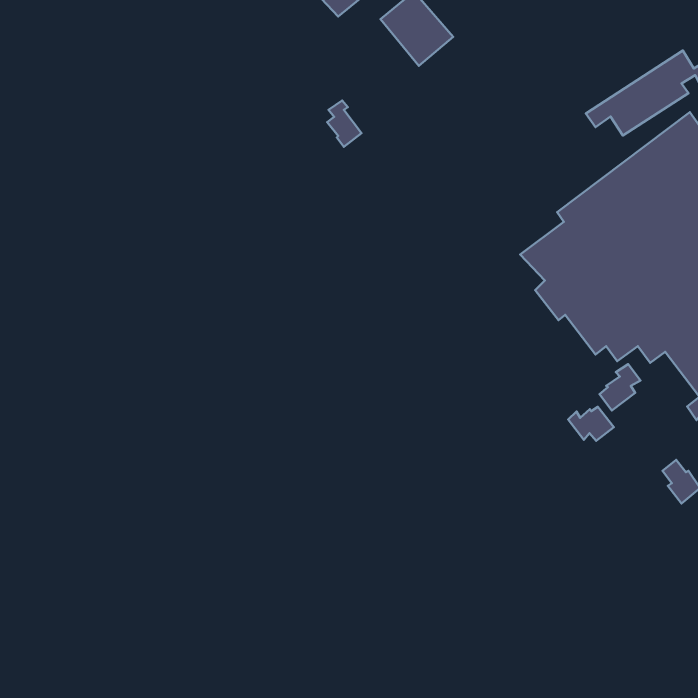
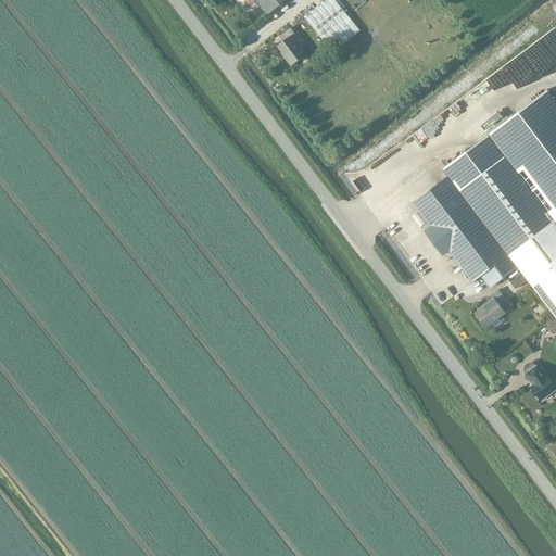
building: [327,100,361,147] -> [279,27,306,64]
building: [568,407,614,441] -> none

